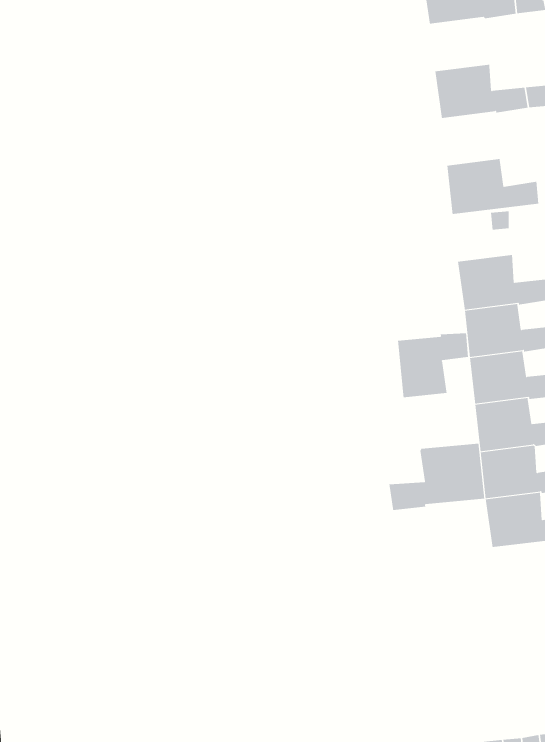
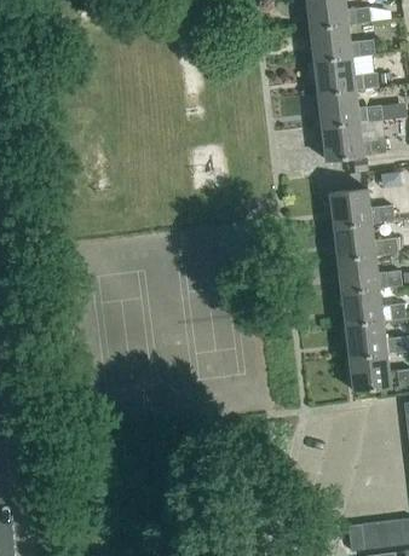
building: none -> [310,24,374,62]
building: none -> [318,89,382,127]
building: [398,332,468,398] -> none
building: [389,443,485,511] -> none

